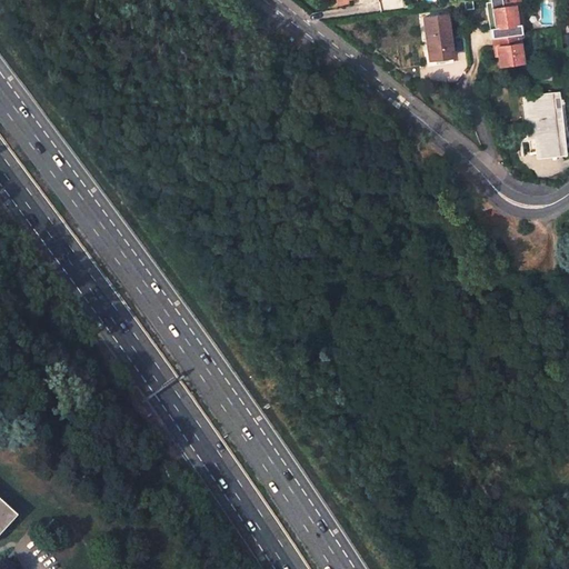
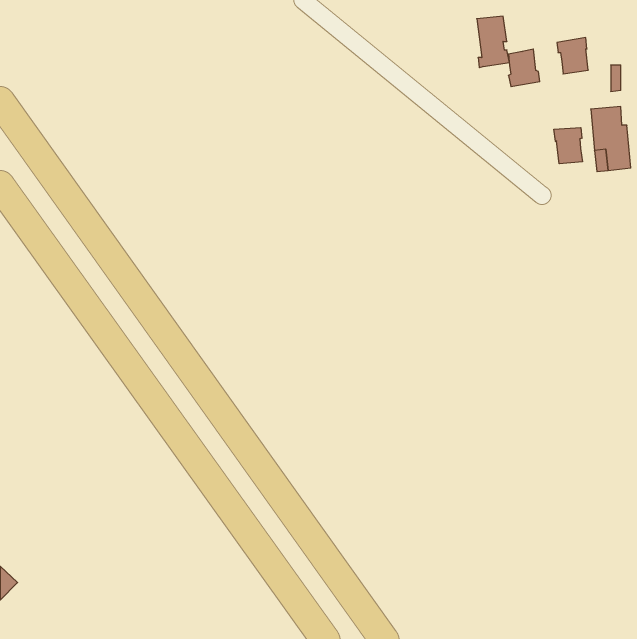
building: [495,6,522,39] -> [508,49,540,87]
building: none -> [554,128,582,164]

